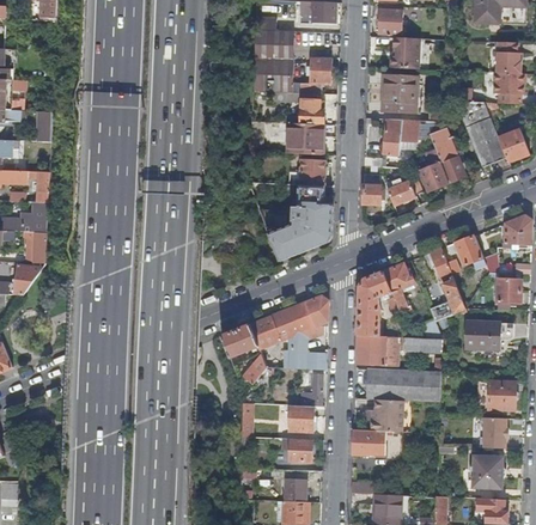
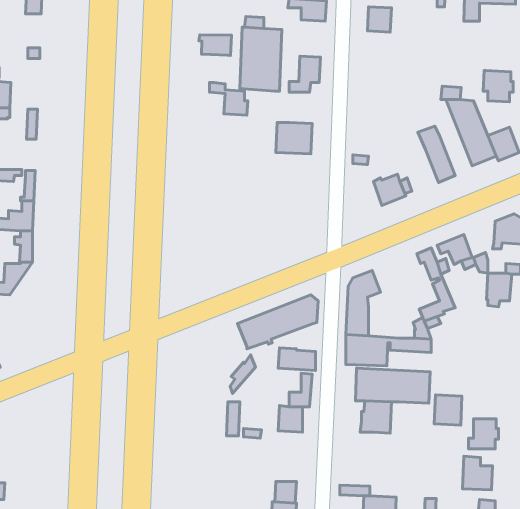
building: [390,36,419,68] -> none
building: none -> [199,35,231,55]
building: [495,41,520,73] -> none
building: [382,74,416,111] -> none
building: [286,92,324,124] -> [209,83,248,115]
building: [383,118,438,153] -> none
building: [420,149,449,190] -> none
building: [300,160,325,185] -> none
building: [363,173,382,203] -> none
building: [268,199,331,258] -> none
building: [383,263,414,317] -> none
building: [464,322,501,349] -> none
building: [221,323,258,356] -> none
building: [488,379,516,409] -> [434,395,462,425]
building: [353,429,384,454] -> none
building: [281,438,312,462] -> none

